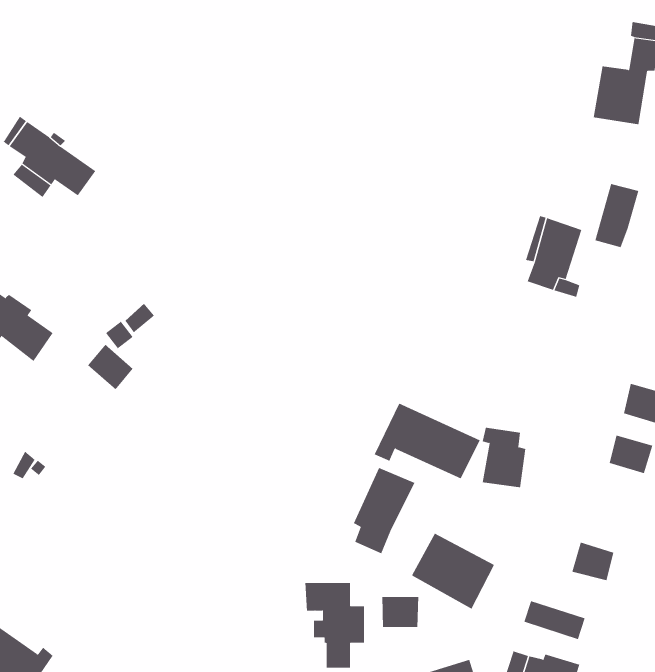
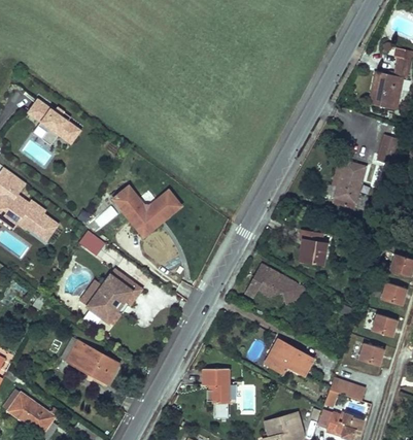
building: none -> [113,185,182,230]
building: none -> [90,269,142,321]
building: [482,427,526,488] -> [300,231,325,266]
building: [353,467,415,554] -> none
building: none -> [370,313,395,337]
building: none -> [67,340,121,385]
building: [382,596,419,628] -> none

